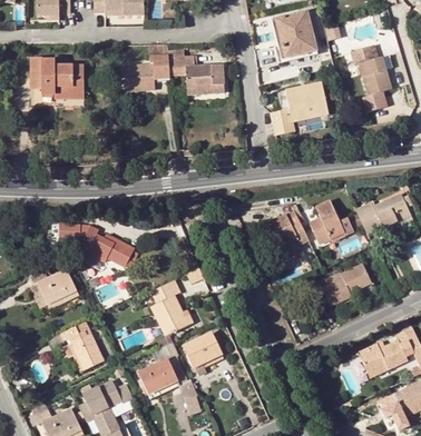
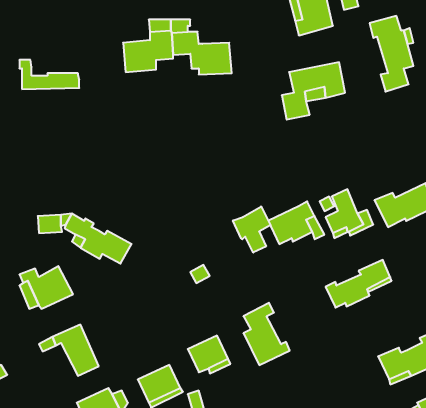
building: [30,57,84,95] -> none
building: none -> [233,206,270,253]
building: [150,278,193,335] -> [243,303,290,365]

